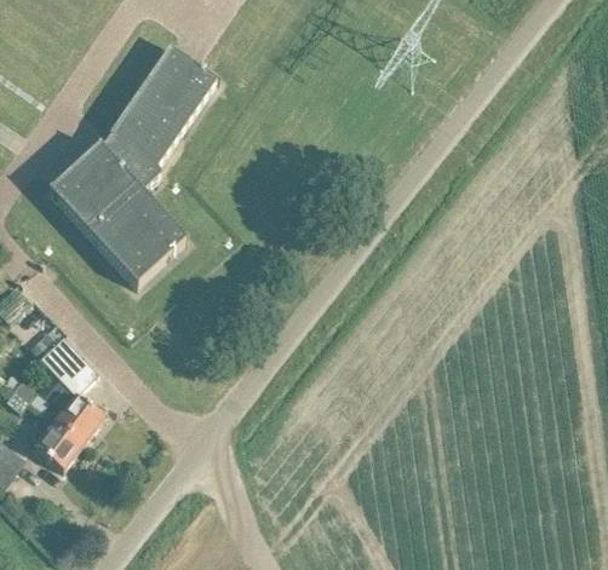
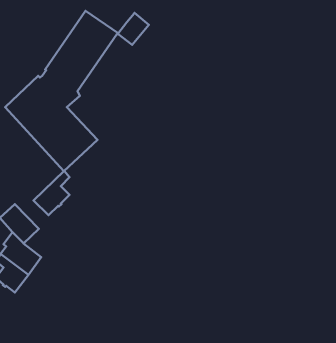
building: none -> [118,13,149,45]
building: none -> [34,171,69,215]

